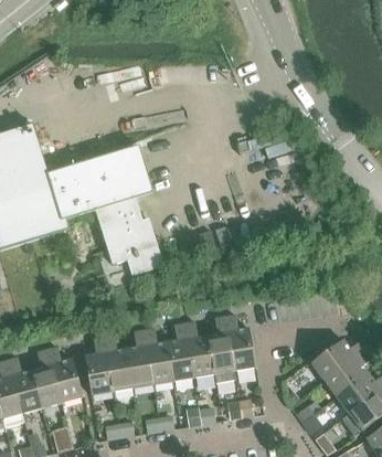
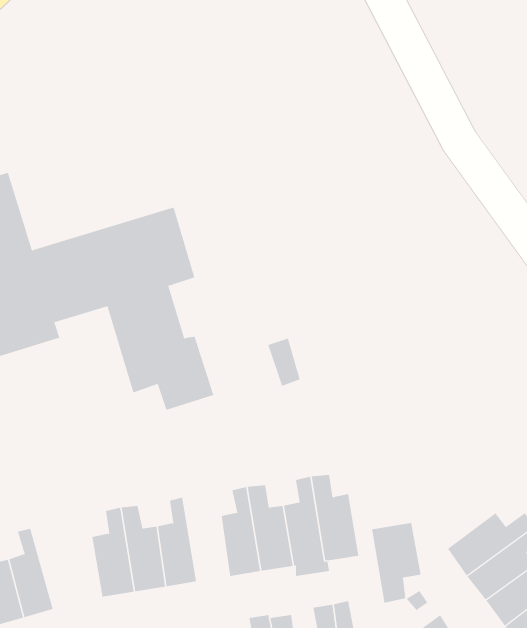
building: [142,330,172,385] -> none
building: none -> [371,522,421,604]
building: [45,348,82,403] -> none

